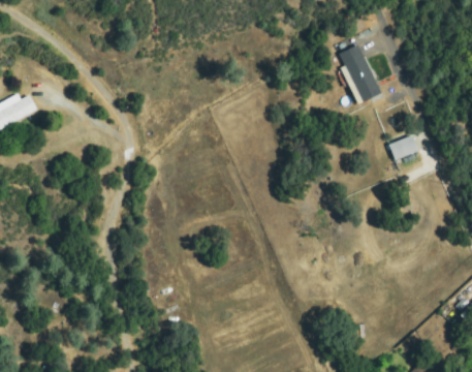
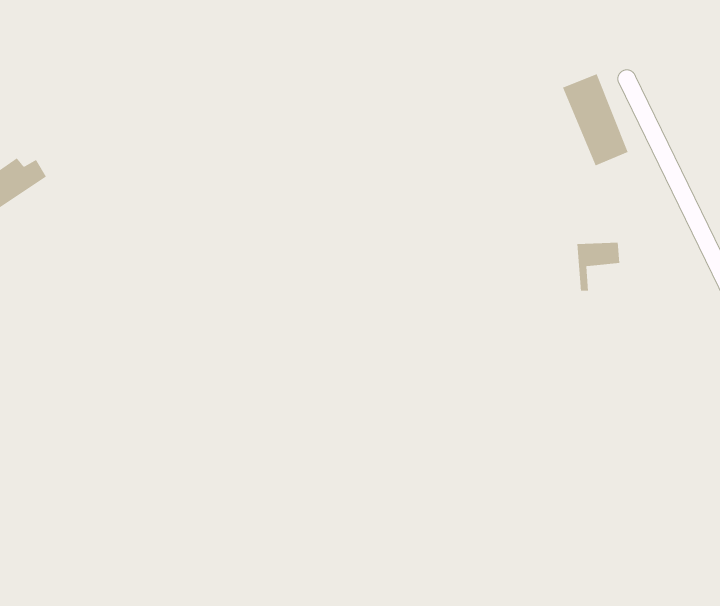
building: [388,140,414,168] -> [577,242,620,291]

